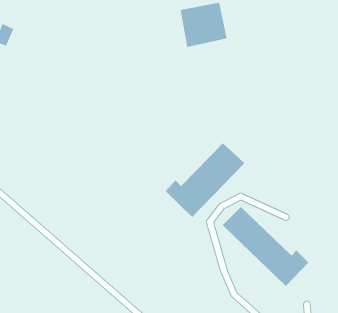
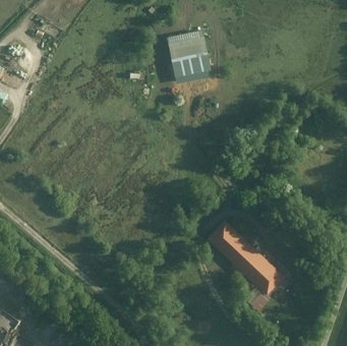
building: [165,142,245,218] -> none

